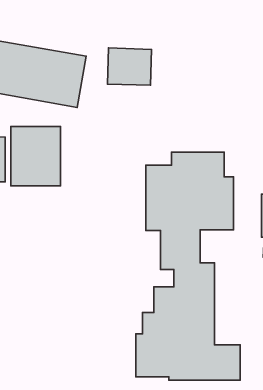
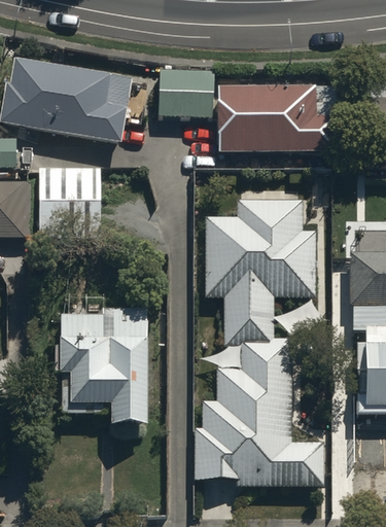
building: none -> [217,86,336,152]
building: none -> [54,294,147,429]

